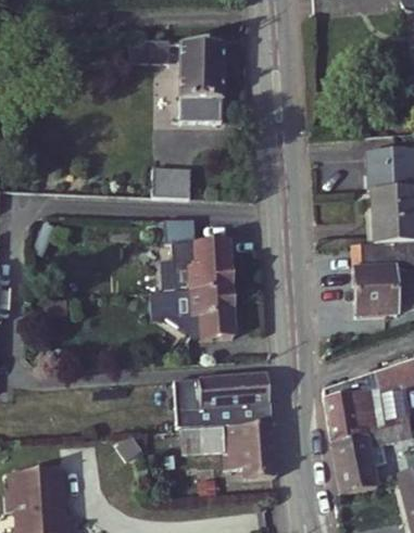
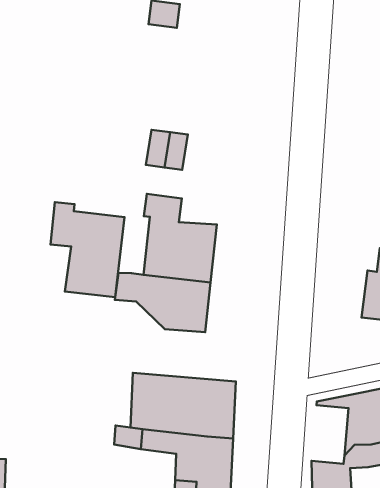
building: [176,42,222,122] -> none
building: none -> [51,202,124,297]
building: [338,389,369,441] -> none

